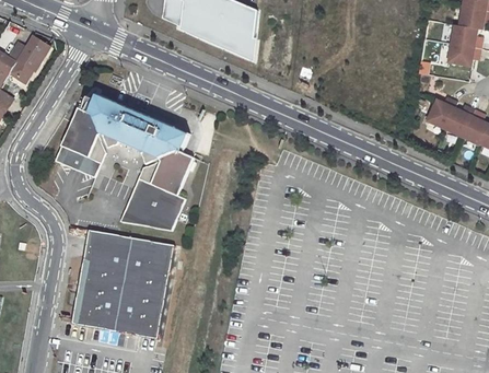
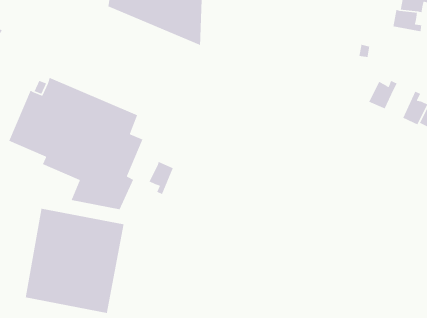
building: [447,42,480,65] -> none
building: [443,104,474,136] -> none
building: none -> [149,161,174,195]

